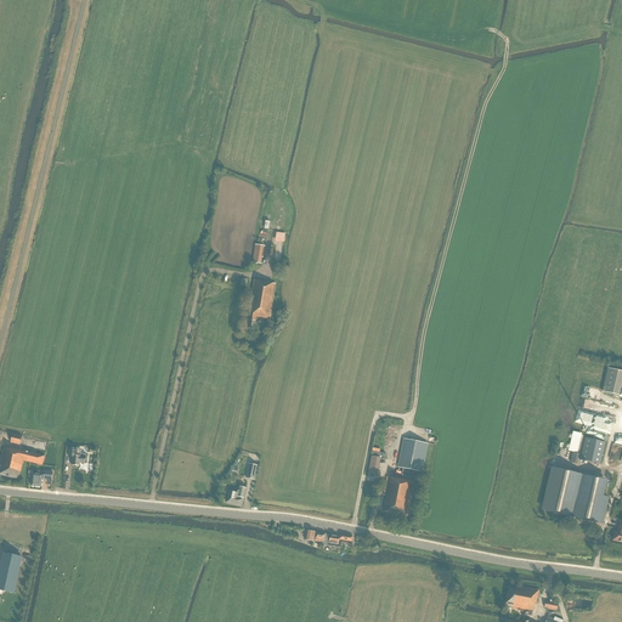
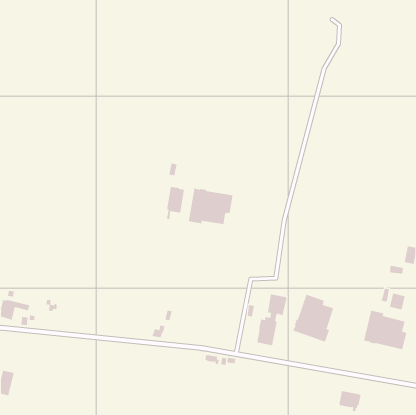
building: none -> [188,188,233,225]
building: none -> [293,294,334,342]

